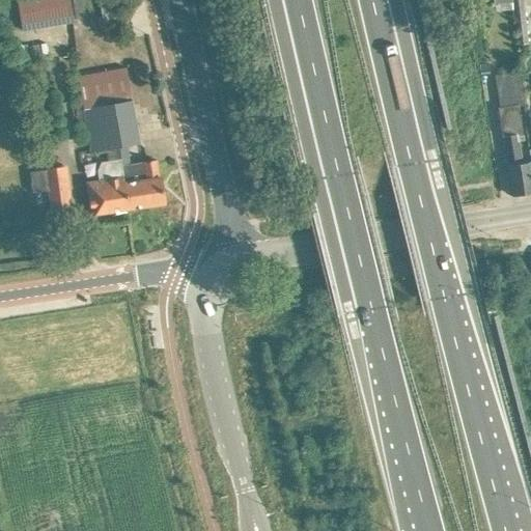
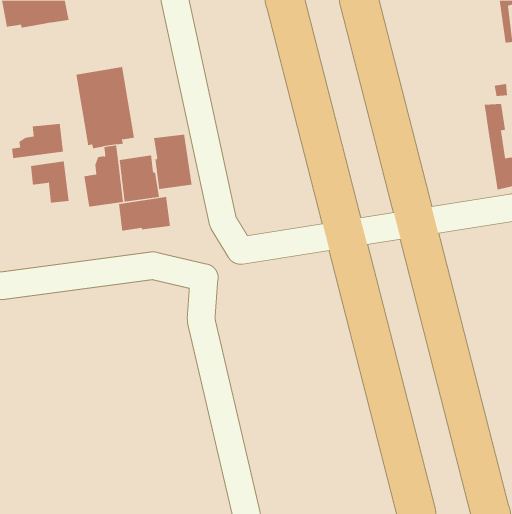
building: none -> [12,123,63,159]
building: none -> [154,134,192,190]
building: none -> [119,196,171,232]

